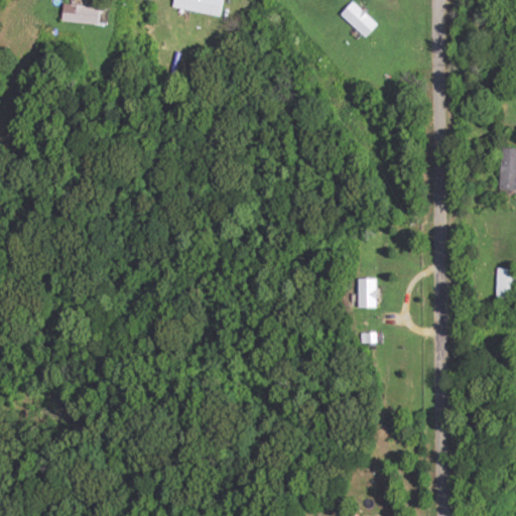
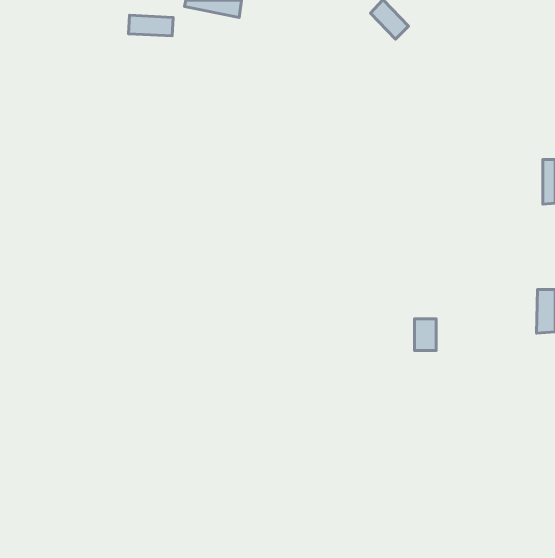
building: [61,4,103,23] -> [128,15,173,36]
building: [356,278,376,307] -> [414,319,436,350]

